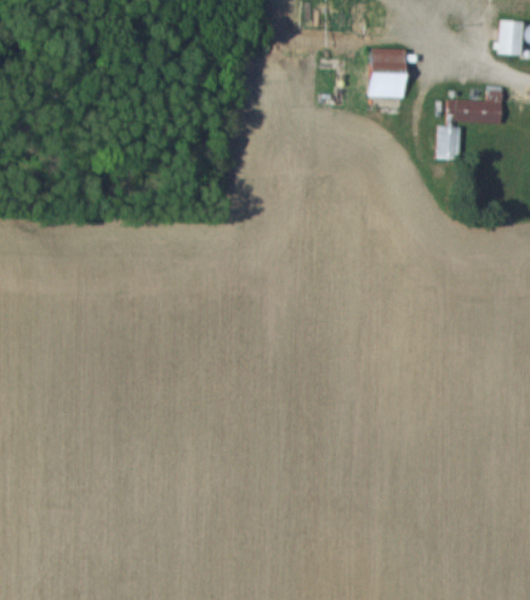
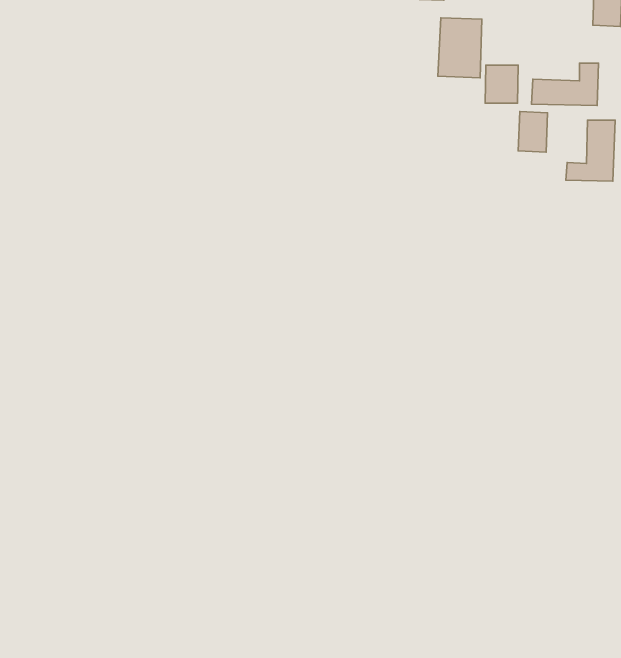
building: none -> [485,65,518,103]
building: none -> [566,120,615,181]

